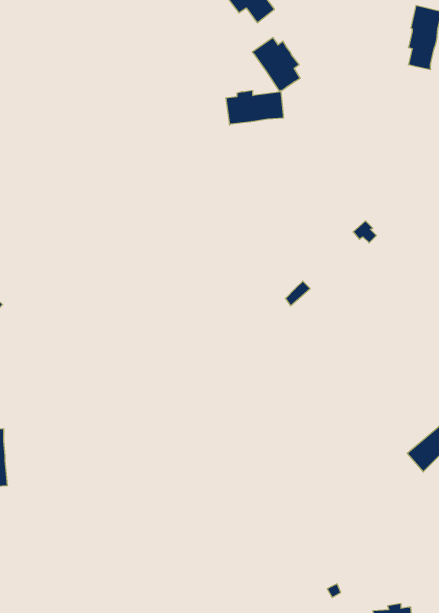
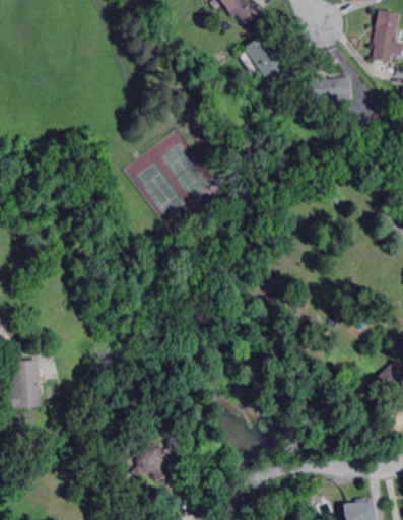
building: [226,91,284,125] -> [303,78,350,107]
building: none -> [133,443,165,478]

